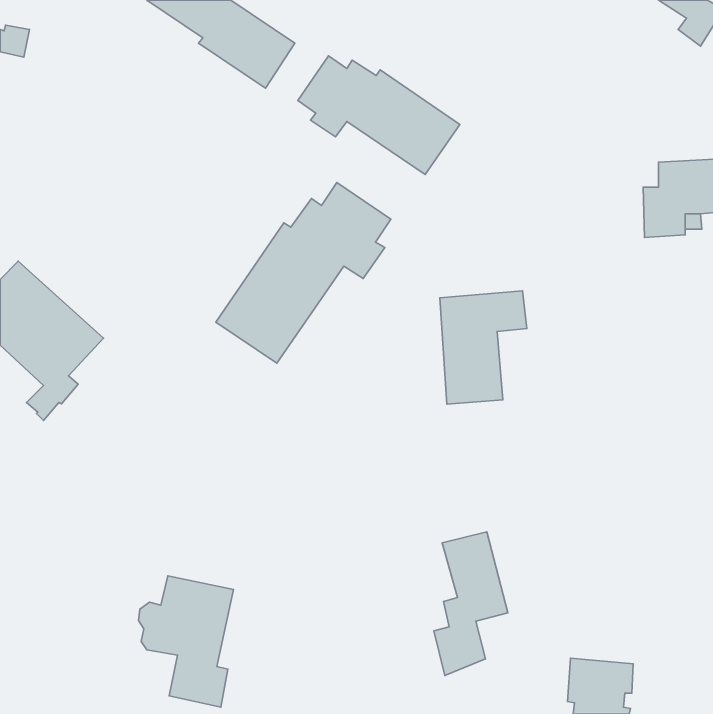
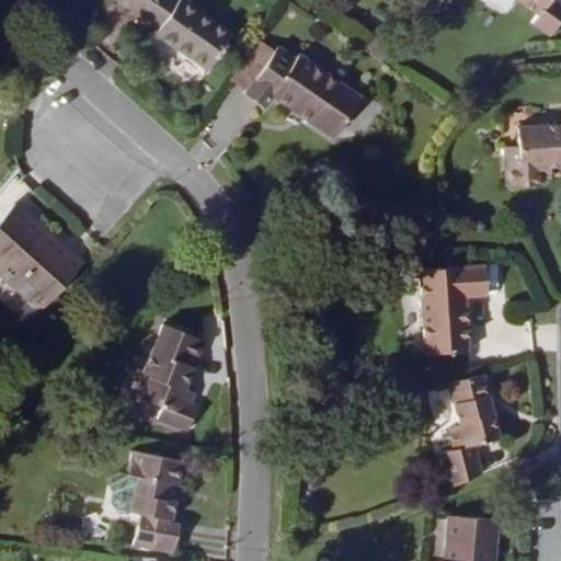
building: [216,183,391,363] -> none
building: [440,291,527,404] -> [420,265,488,354]
building: none -> [142,324,205,431]
building: [434,532,508,676] -> [442,375,500,488]

